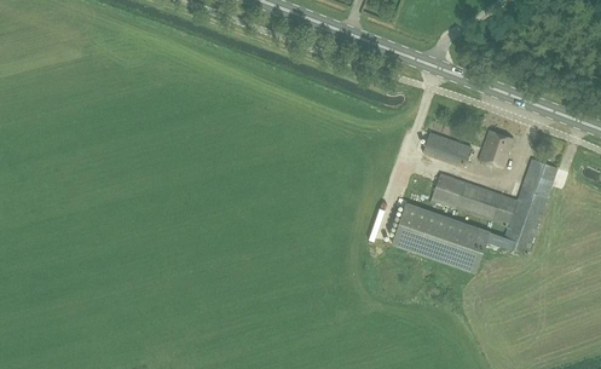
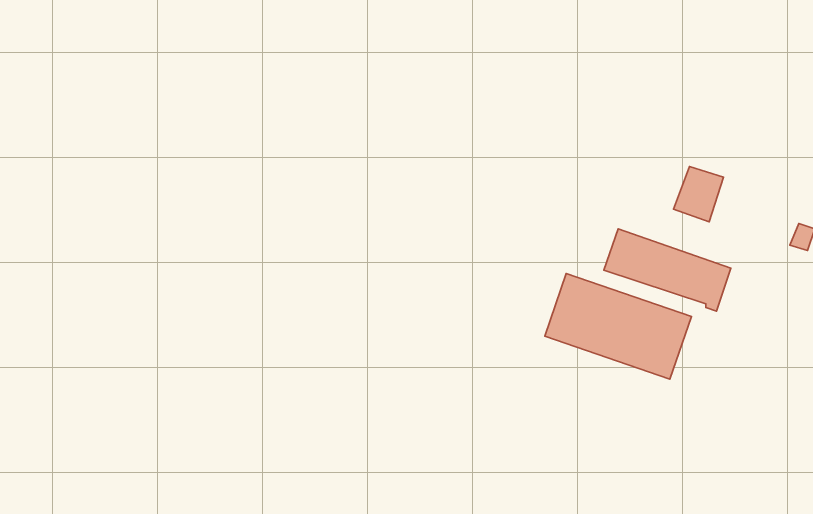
building: [422,132,472,167] -> none
building: [501,158,557,254] -> none

